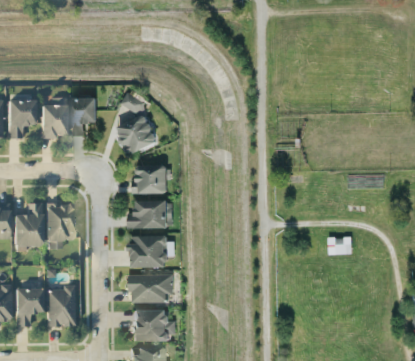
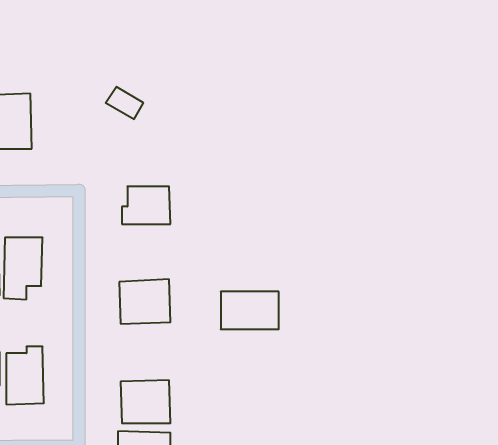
building: [70,97,98,136] -> none
building: [118,115,158,153] -> none
building: [128,200,169,228] -> none
building: [329,236,353,254] -> none
building: [130,274,173,302] -> [221,292,279,329]

